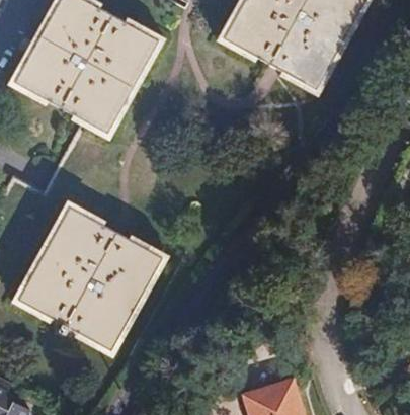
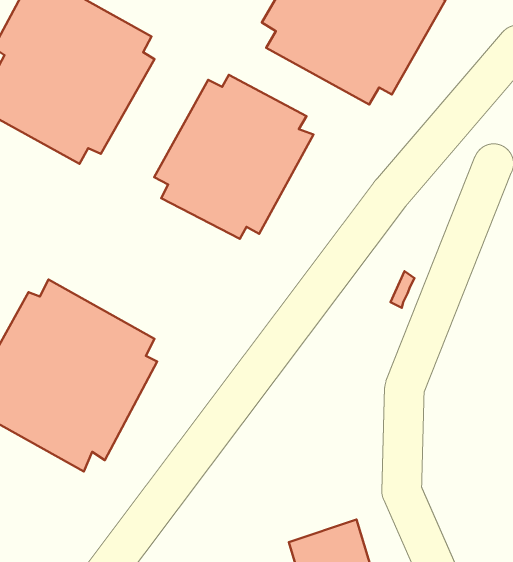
building: none -> [154,75,313,239]

